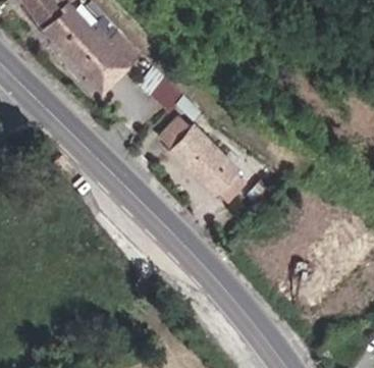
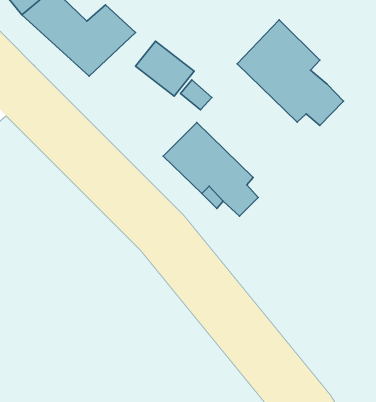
building: none -> [237,20,343,125]

